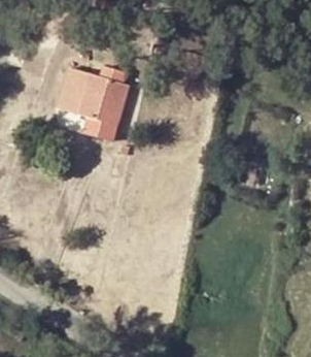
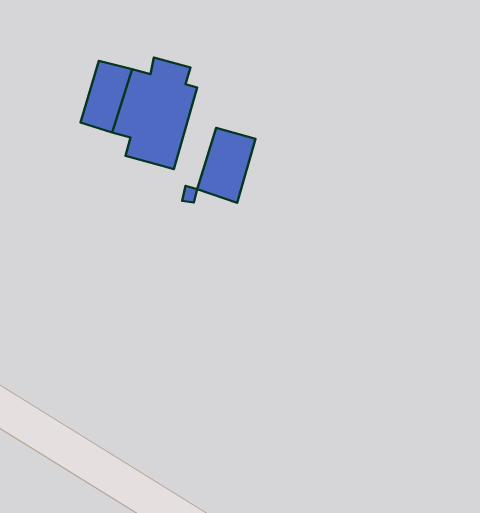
building: none -> [197,128,256,203]

